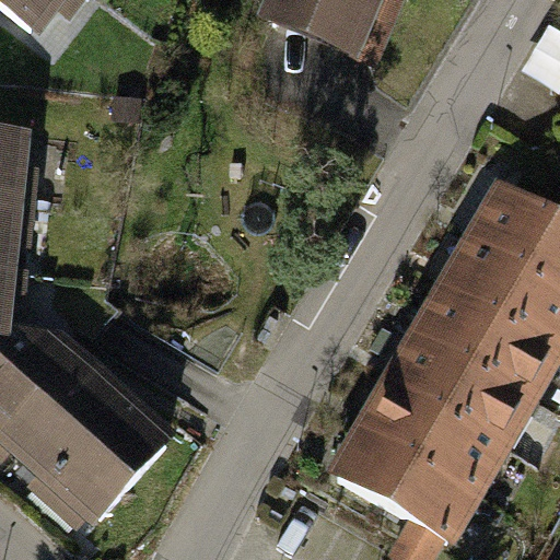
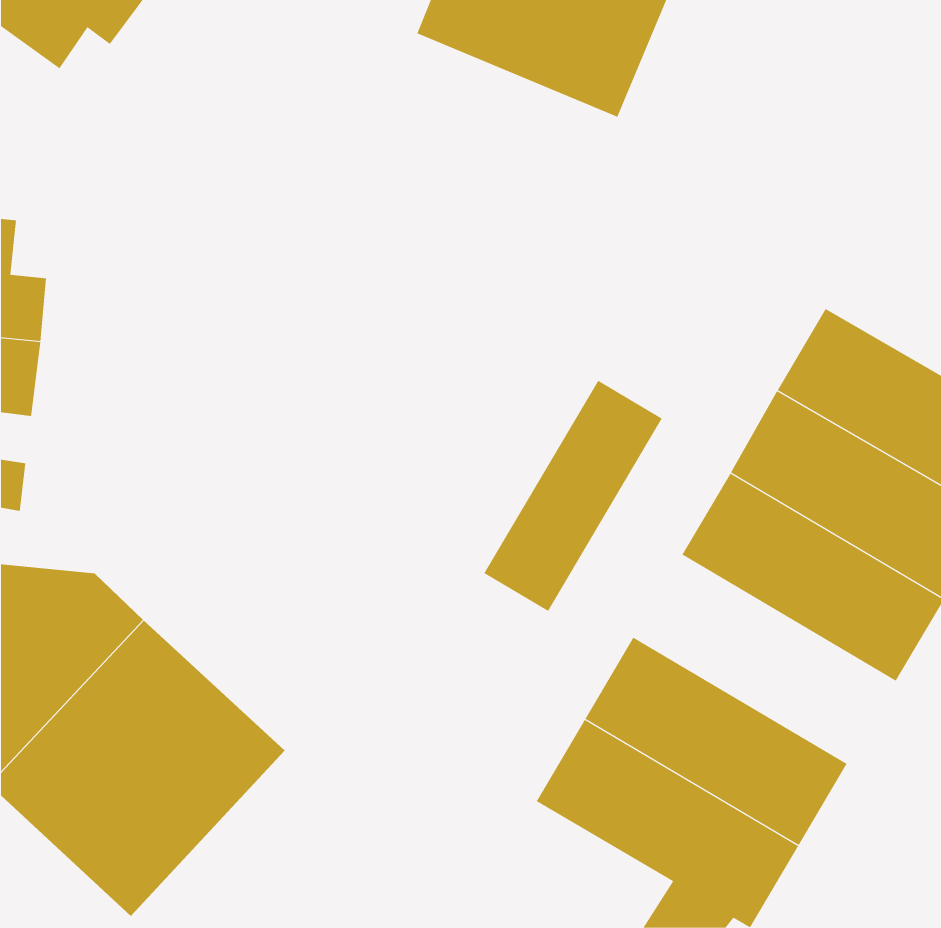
building: none -> [484,380,663,612]
building: [378,325,533,447] -> none

